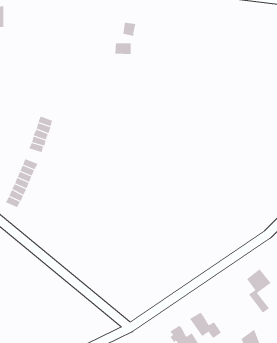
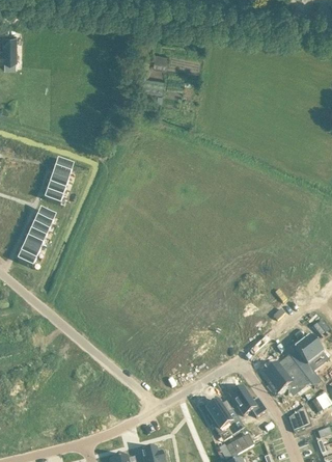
building: none -> [262,360,310,391]

